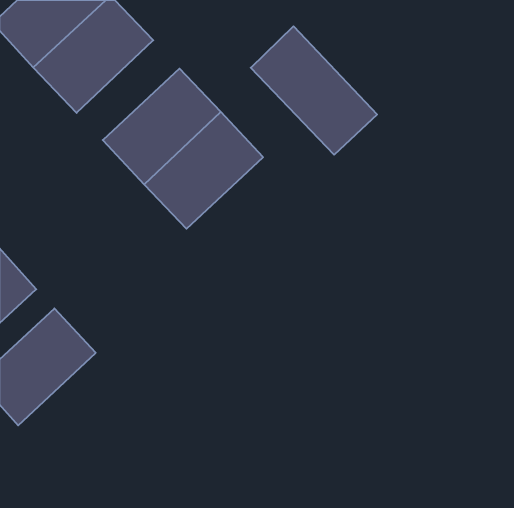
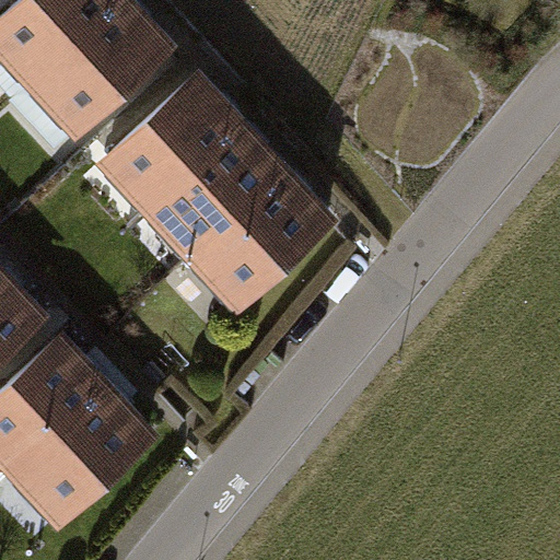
building: [251,26,377,155] -> none
building: none -> [202,178,330,304]
building: none -> [20,390,149,517]

